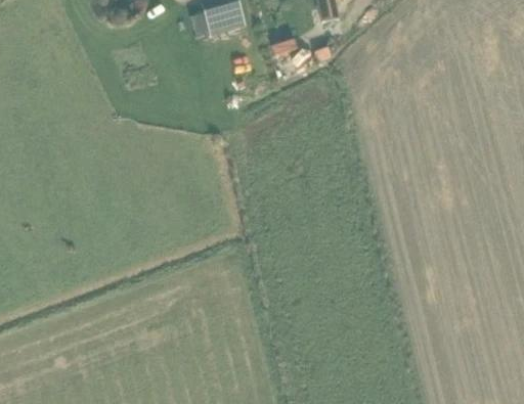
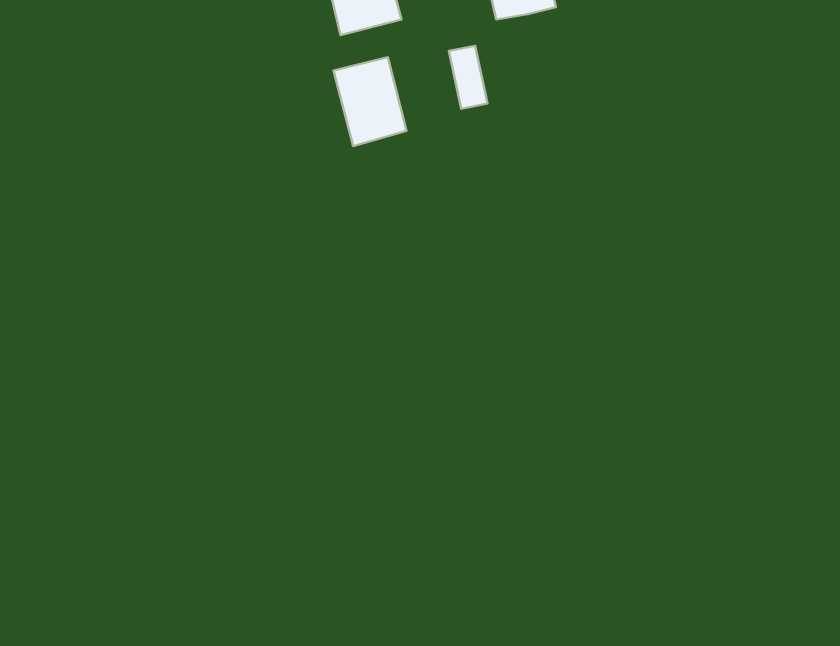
building: none -> [334,57,406,146]

